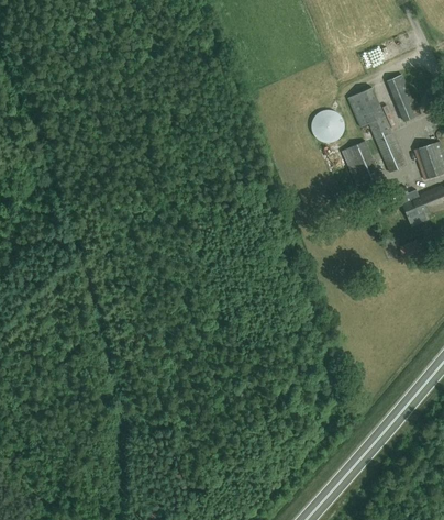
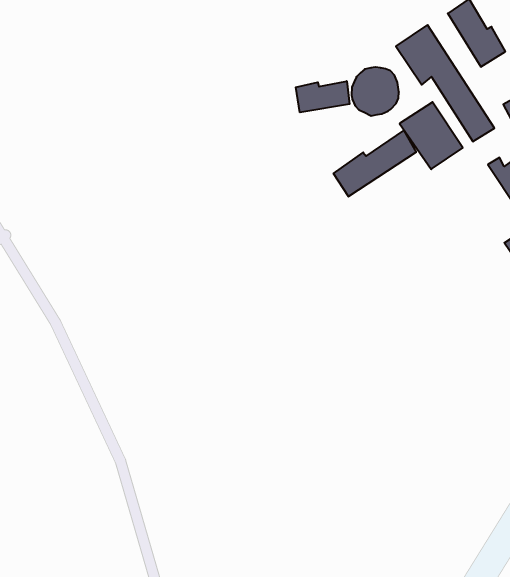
building: none -> [296,81,350,112]
building: none -> [334,131,416,197]

